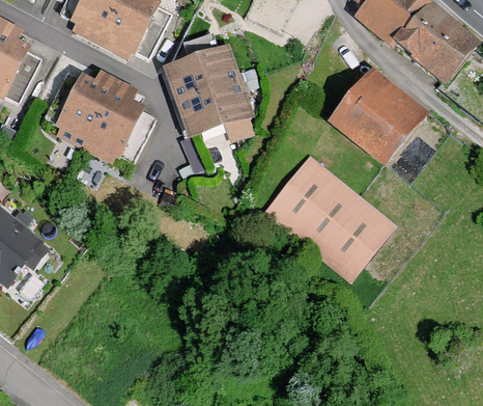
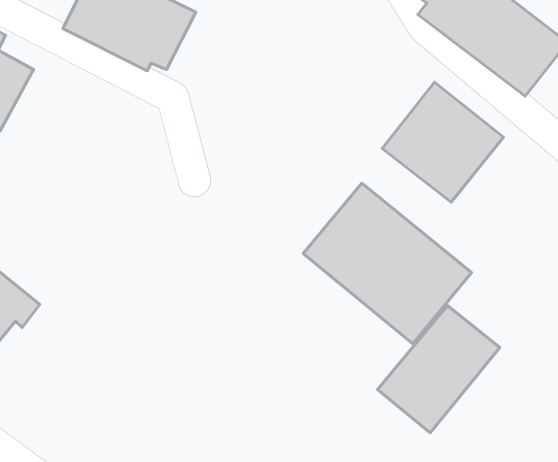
building: [160,39,256,137] -> none
building: [50,71,157,165] -> none
building: none -> [378,306,500,433]

